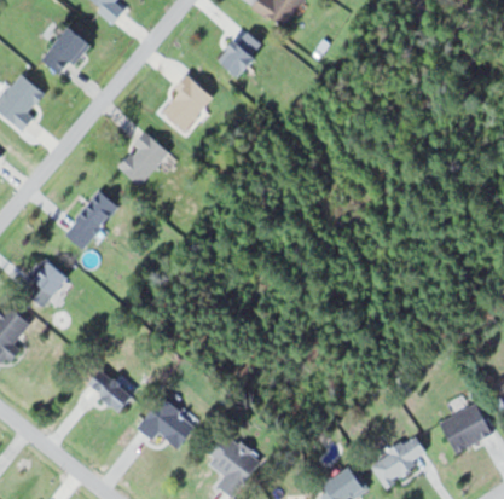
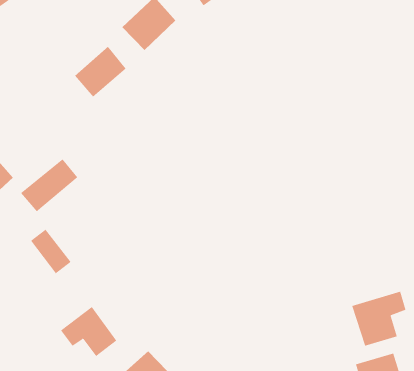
building: [63,191,120,249] -> [20,159,78,212]
building: none -> [351,291,406,347]
building: [88,369,133,413] -> [30,229,71,274]

